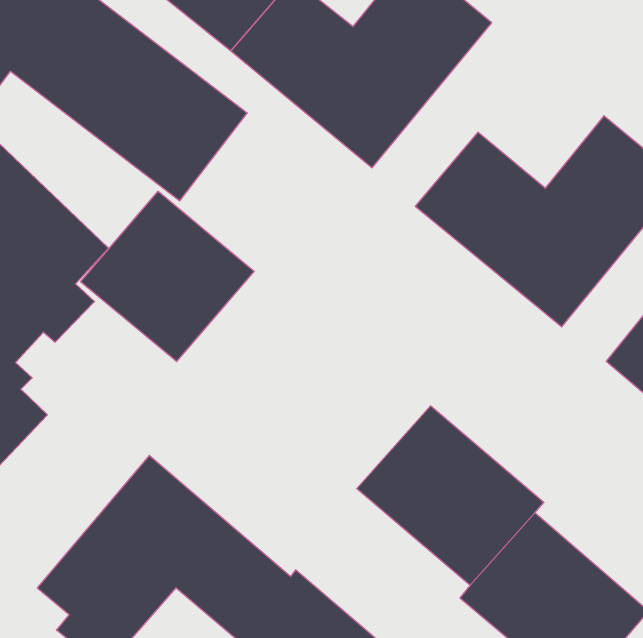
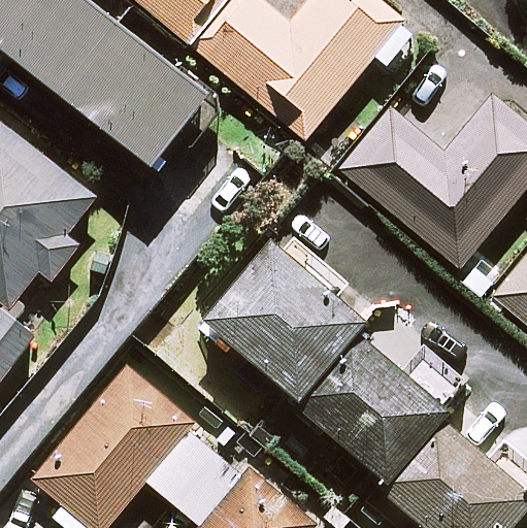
building: [80,191,254,362] -> none
building: none -> [198,229,369,398]

